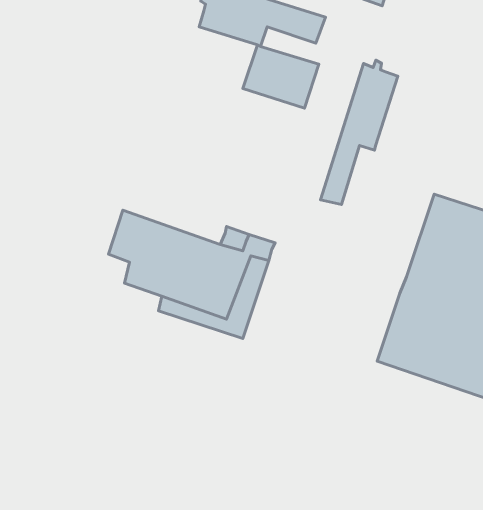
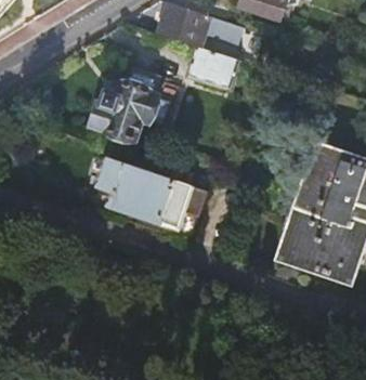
building: [321,60,398,204] -> none
building: none -> [90,70,168,139]

